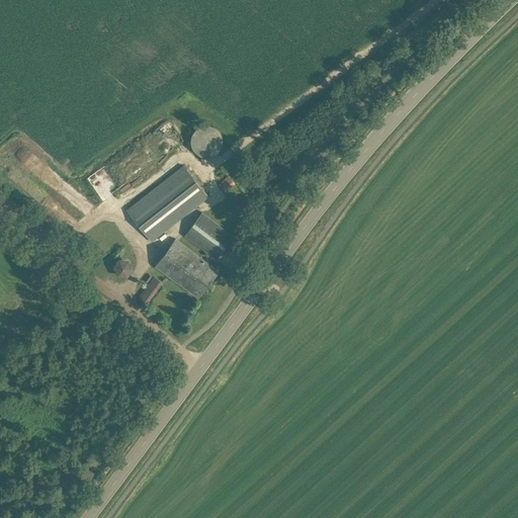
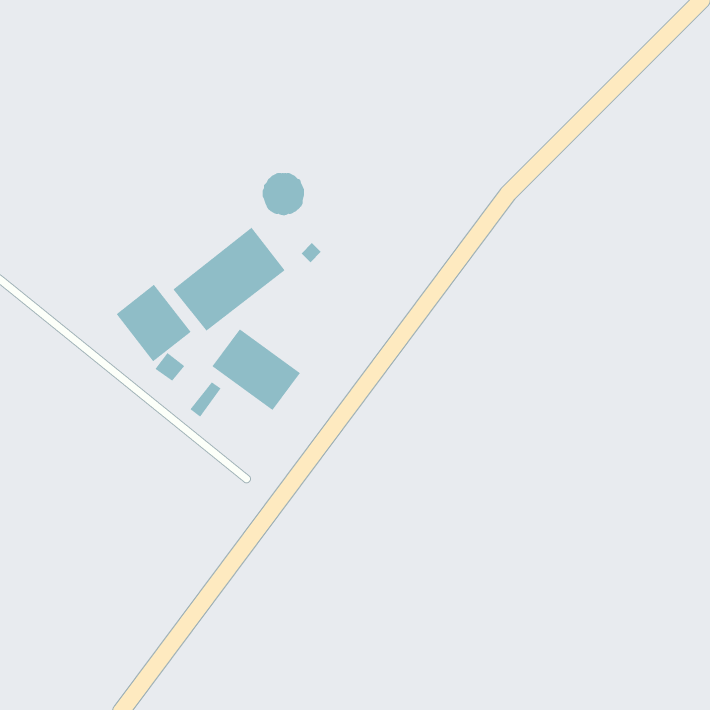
building: none -> [116,284,191,362]
building: [183,213,233,260] -> none

